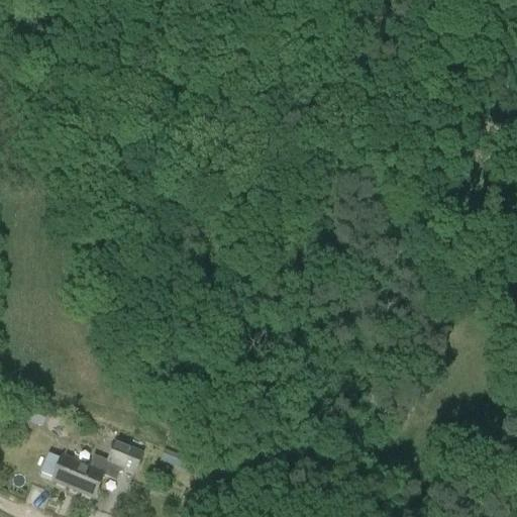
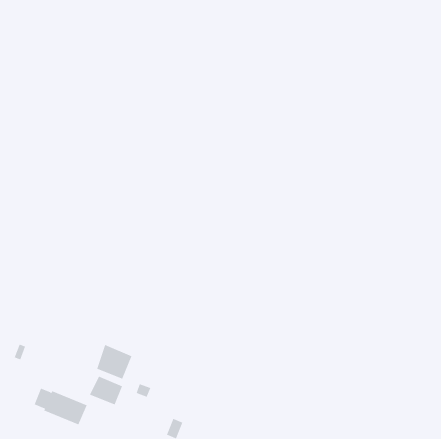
building: none -> [96,344,132,379]

